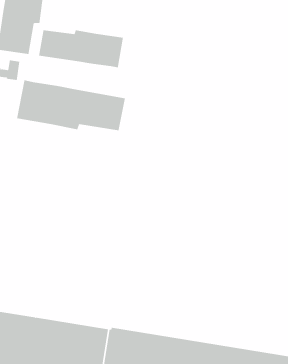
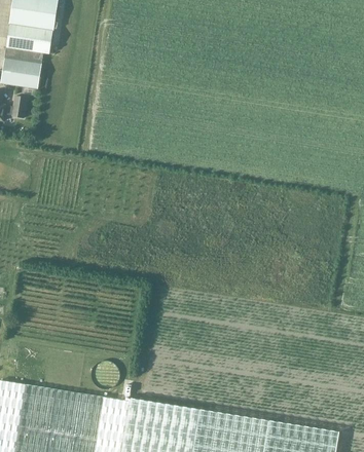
building: [38,29,123,68] -> none
building: [16,80,126,131] -> none

